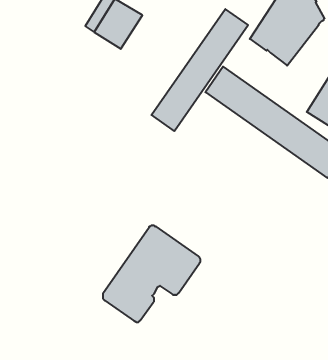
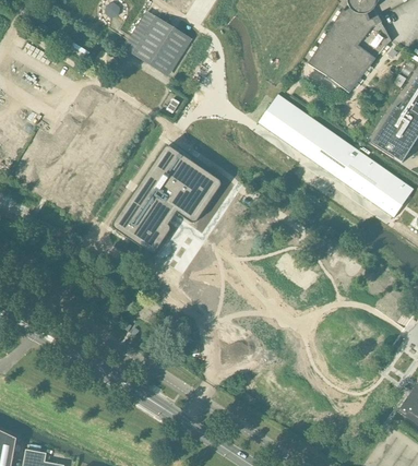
building: [151,9,248,131] -> none
building: [103,226,200,322] -> [114,146,222,253]

